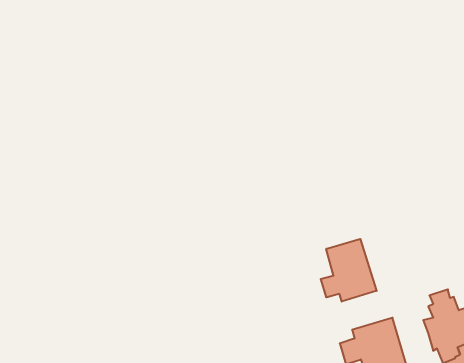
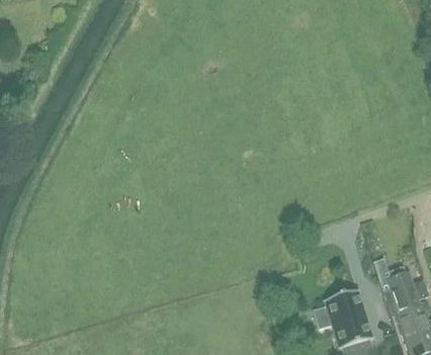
building: [321,239,377,302] -> none

